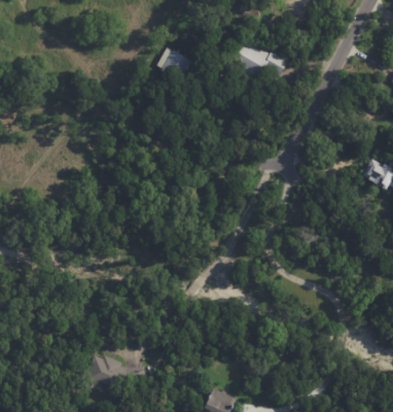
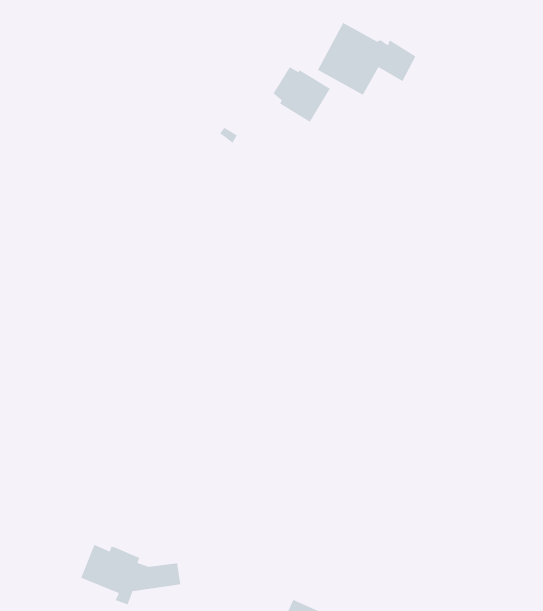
building: [156,46,191,80] -> [272,66,331,123]

